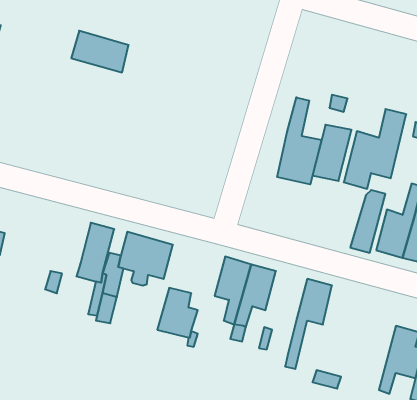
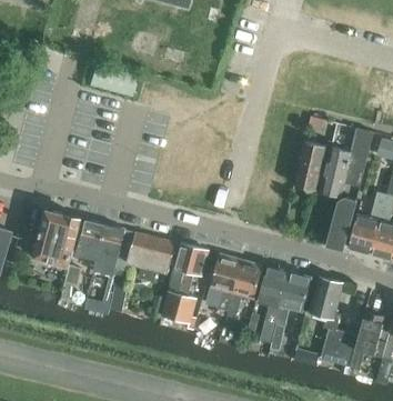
building: [277,97,322,184] -> none
building: none -> [33,211,79,264]
building: none -> [77,220,104,259]
building: none -> [171,244,206,284]
building: none -> [258,267,289,338]
building: none -> [310,277,357,367]

